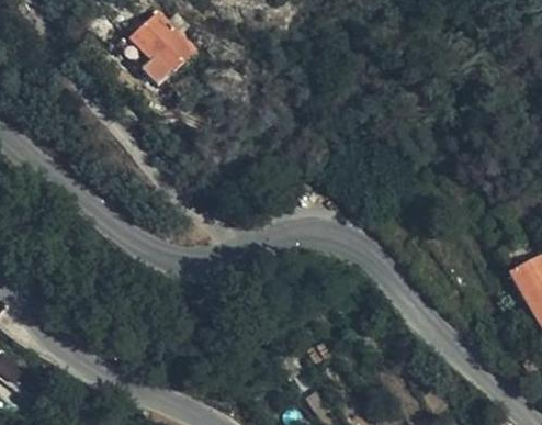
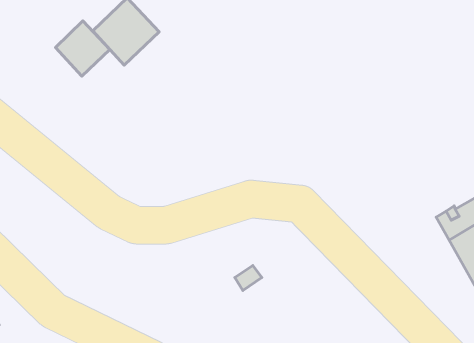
building: none -> [55,21,110,76]

